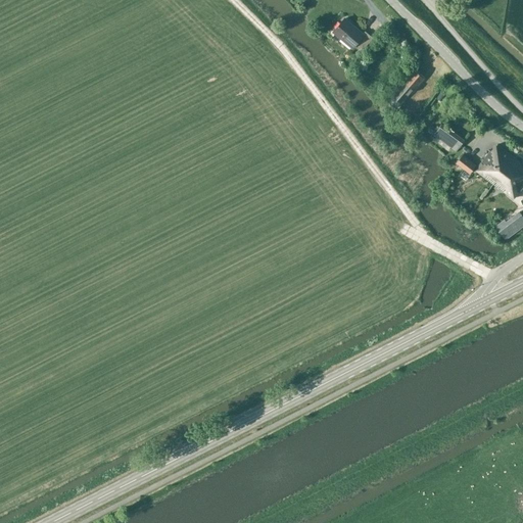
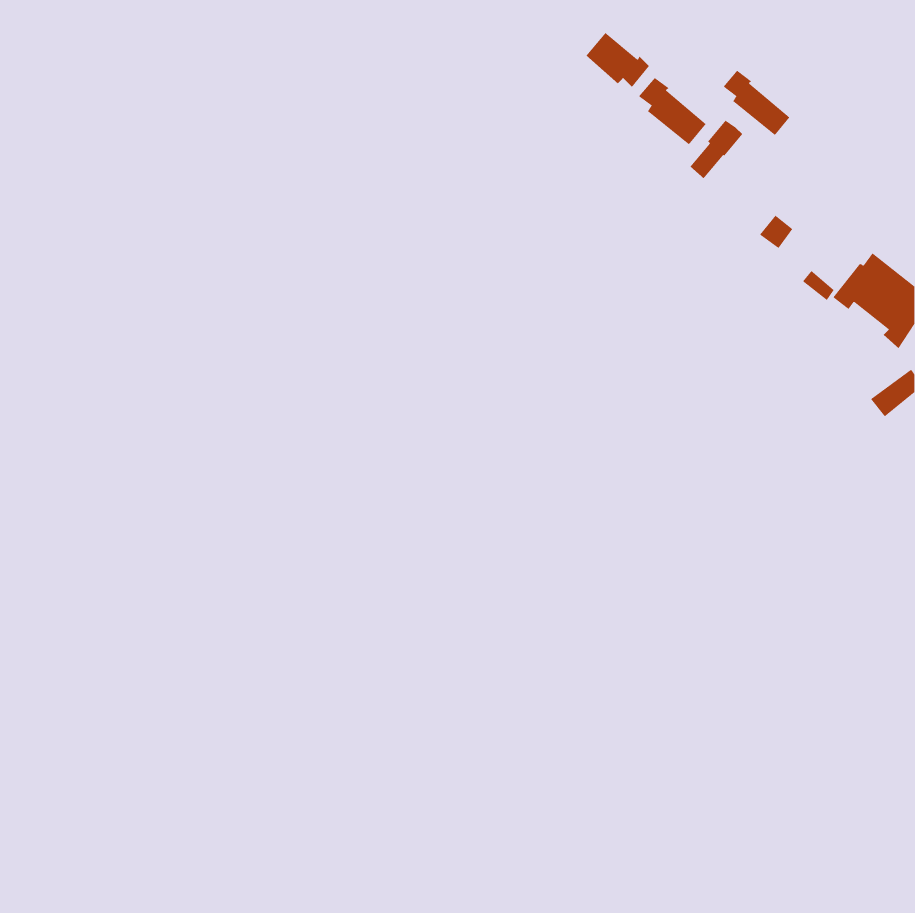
building: none -> [723,70,790,136]
building: none -> [638,77,707,145]

